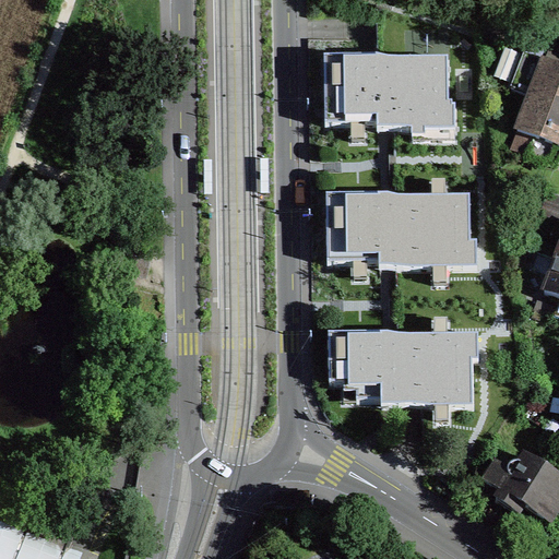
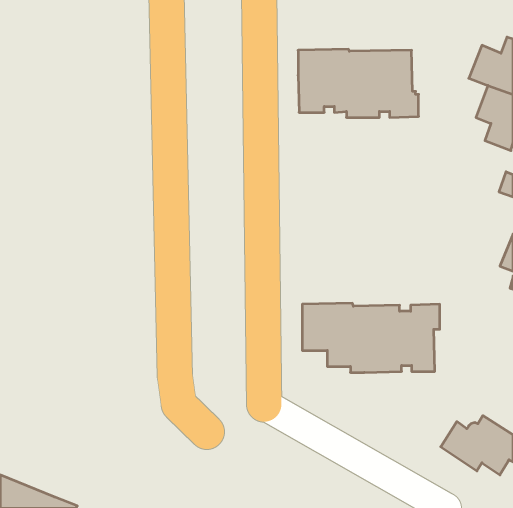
building: [326,192,477,266] -> none

